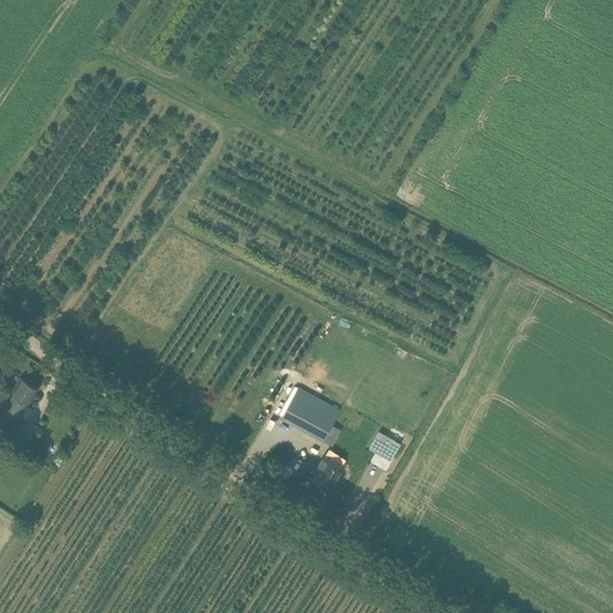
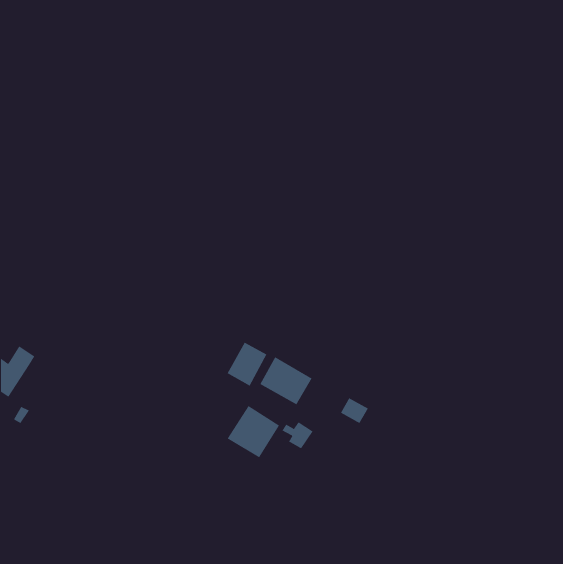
building: none -> [227,342,267,386]
building: none -> [227,405,280,458]

